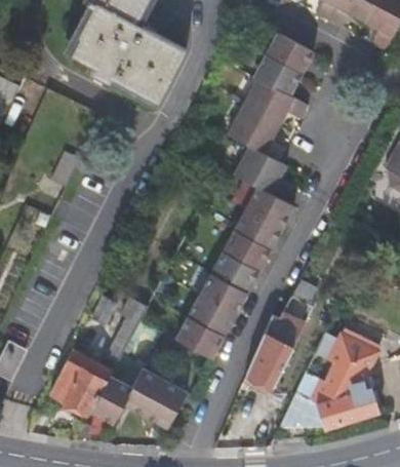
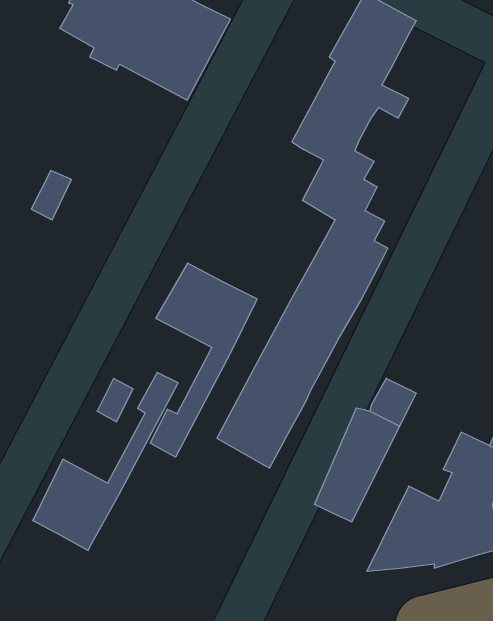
building: none -> [150,263,257,457]
building: [89,367,187,429] -> none

